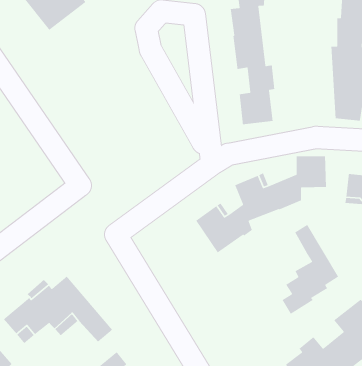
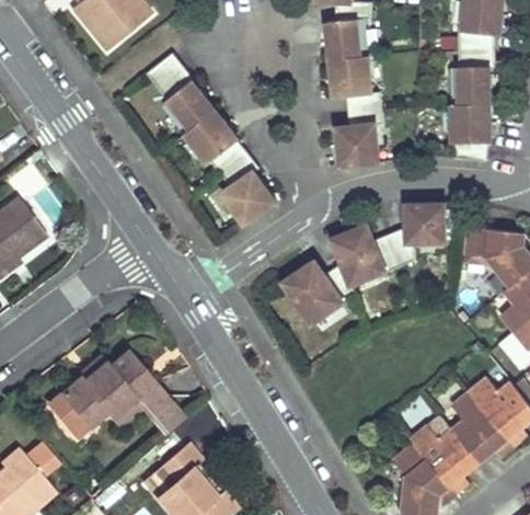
building: none -> [145,53,276,225]
building: [282,224,339,315] -> none

